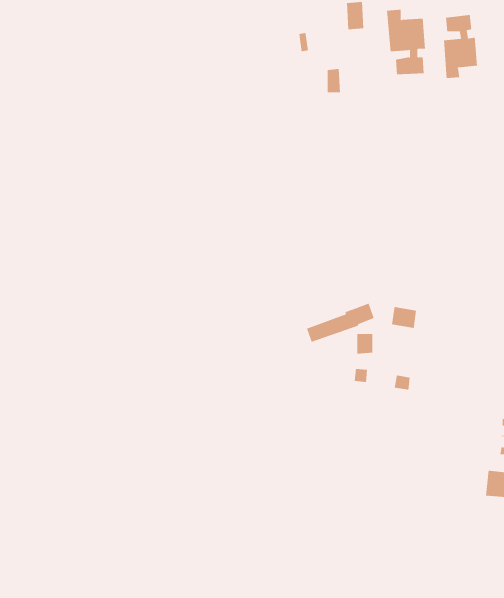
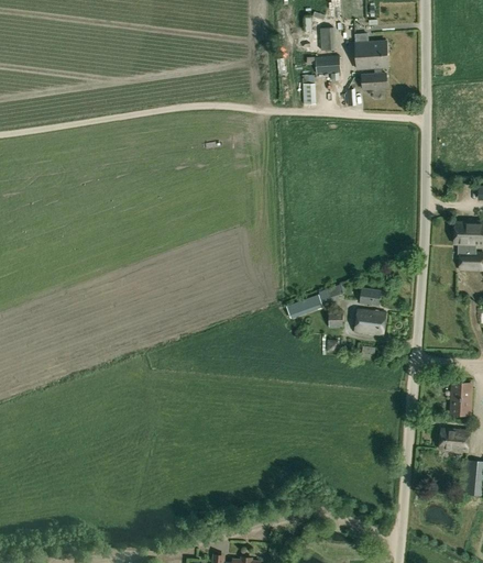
building: [443,14,478,79] -> none
building: none -> [316,55,341,75]
building: none -> [355,309,386,334]

